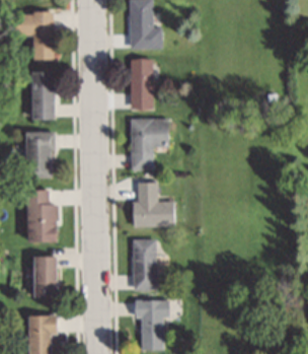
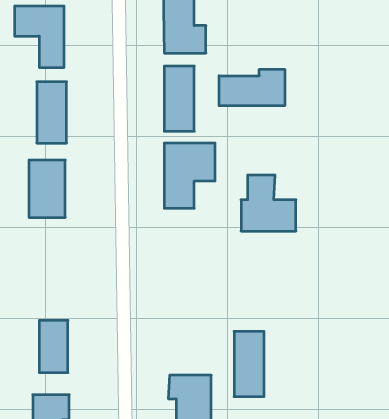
building: none -> [219,69,285,106]
building: [132,183,174,226] -> [241,175,296,231]
building: [25,190,56,241] -> none
building: [133,239,156,290] -> [234,331,264,397]

